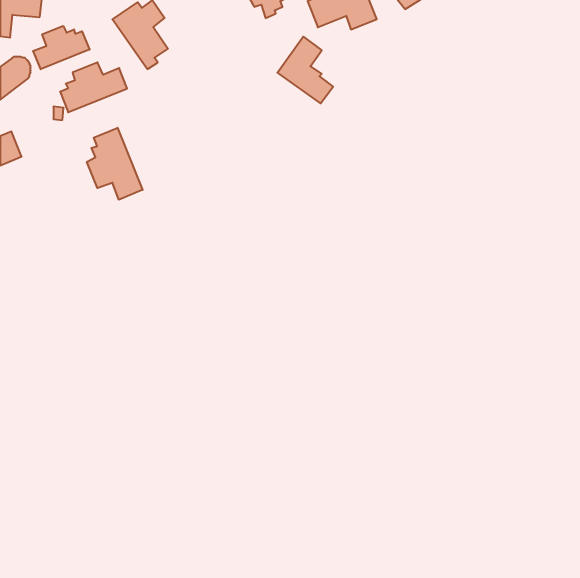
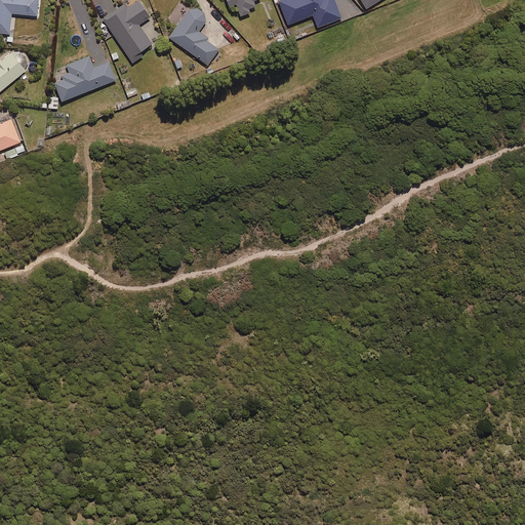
building: [33,26,90,69] -> none
building: [277,37,333,103] -> [168,4,218,65]
building: [87,128,143,200] -> none

